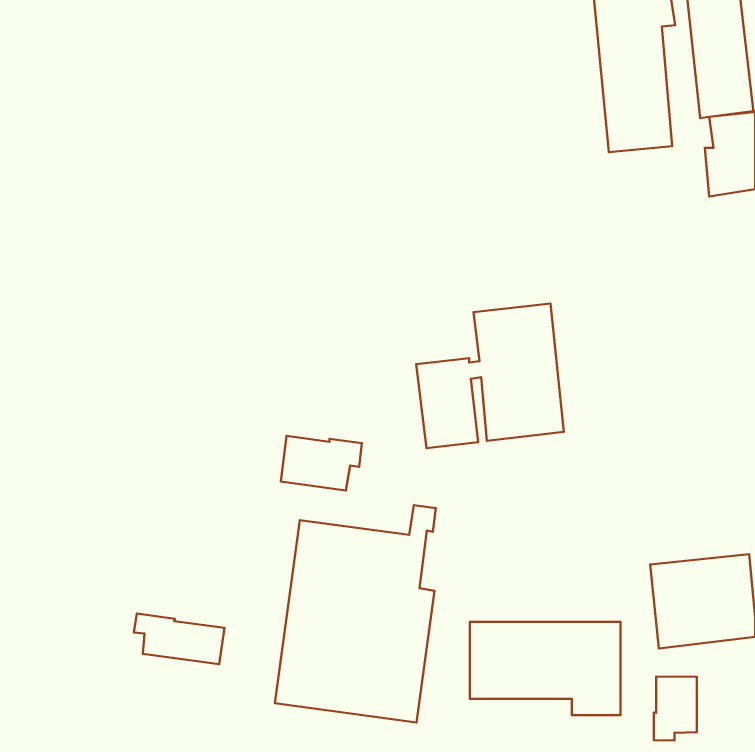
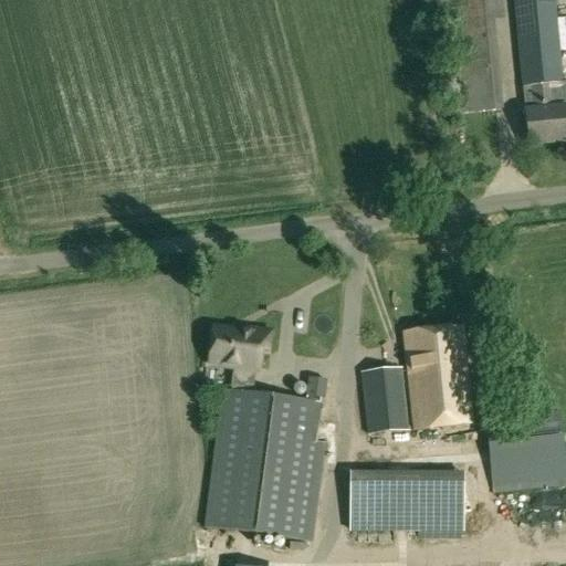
building: [416,303,564,448] -> [361,326,472,434]
building: [134,614,225,664] -> none
building: [654,677,697,741] -> none

